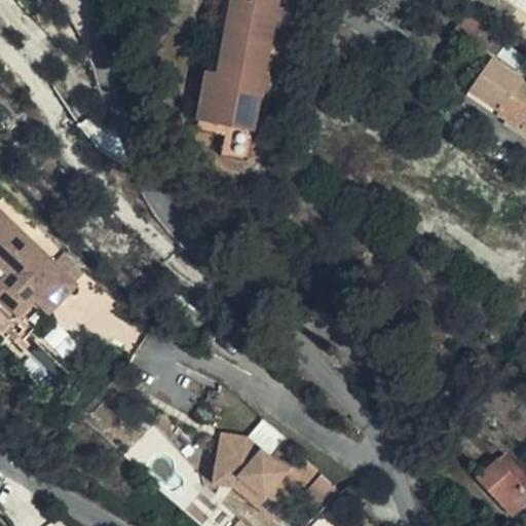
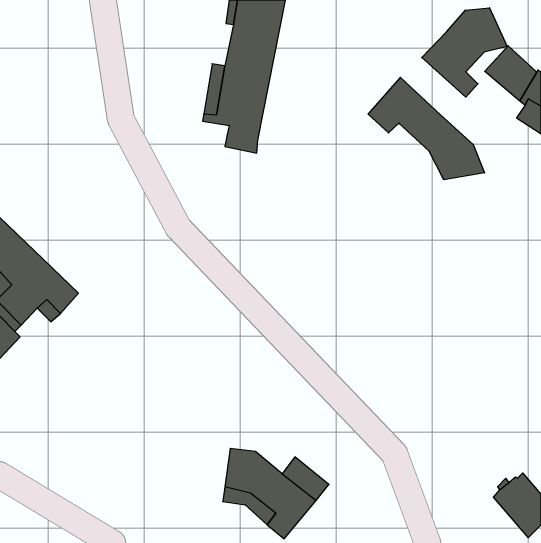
building: none -> [422,8,507,97]
building: none -> [368,77,485,180]

